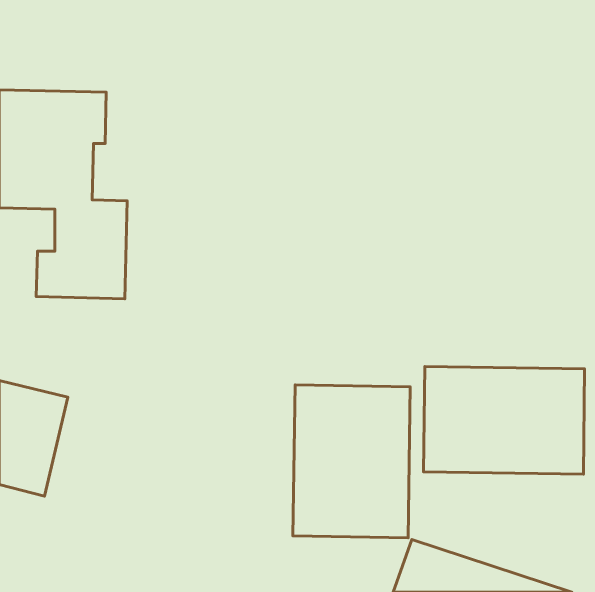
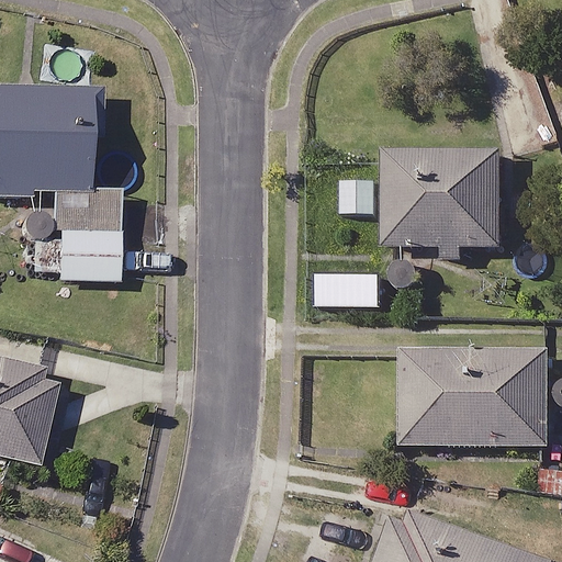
building: none -> [341,148,501,245]
building: [293,385,410,538] -> none

